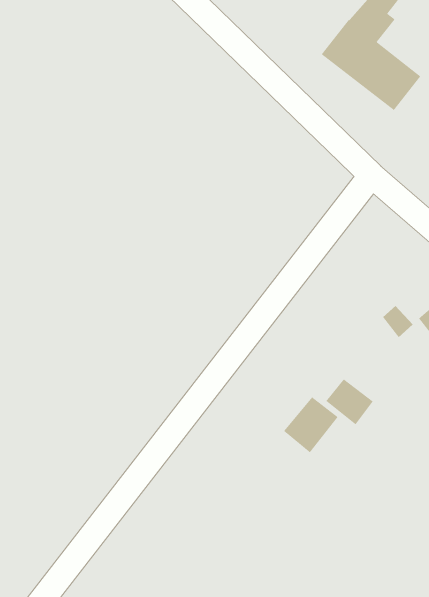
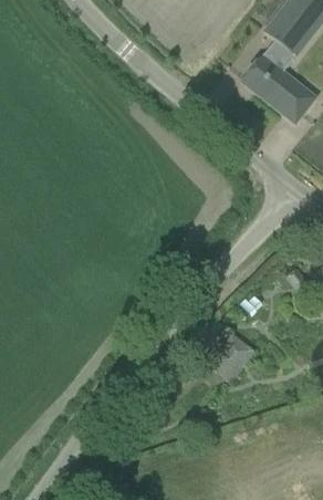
building: [325,378,374,425] -> none

